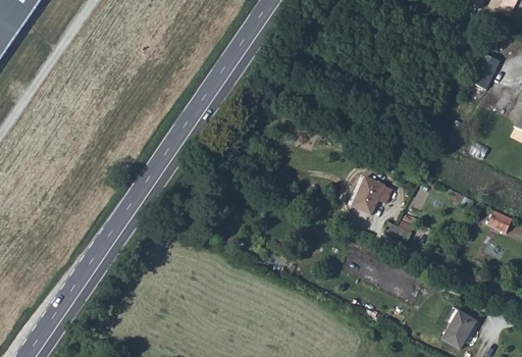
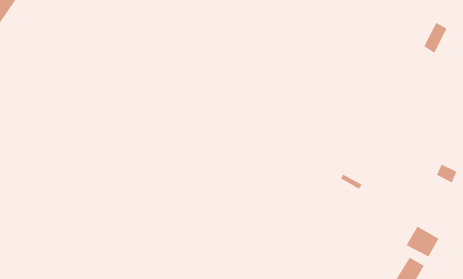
building: [353,175,384,213] -> none
building: none -> [405,225,440,258]

